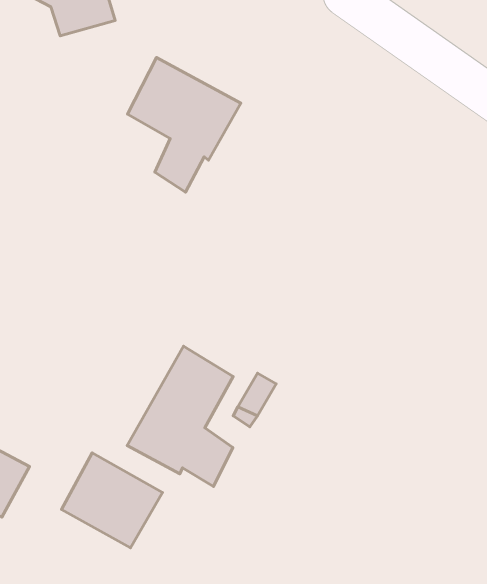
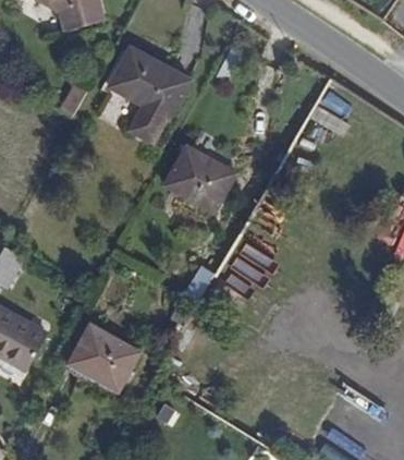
building: none -> [166,143,237,211]
building: [127,346,233,486] -> none

